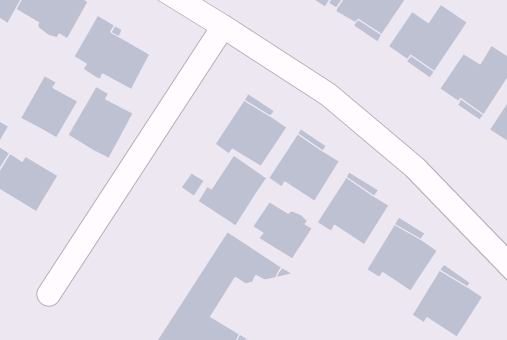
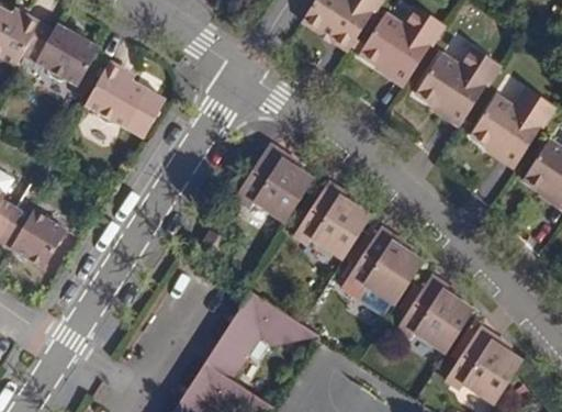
building: [20,76,78,138] -> none
building: [68,86,133,158] -> none
building: [198,155,267,226] -> none
building: [252,201,312,259] -> none

